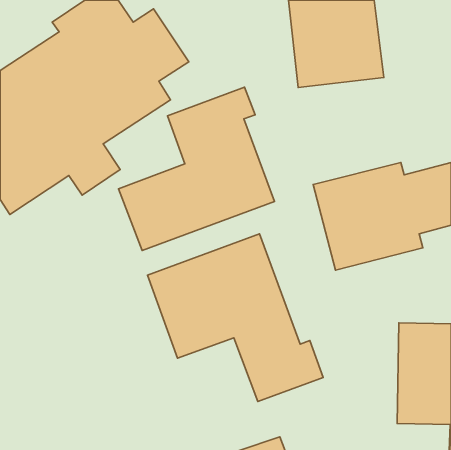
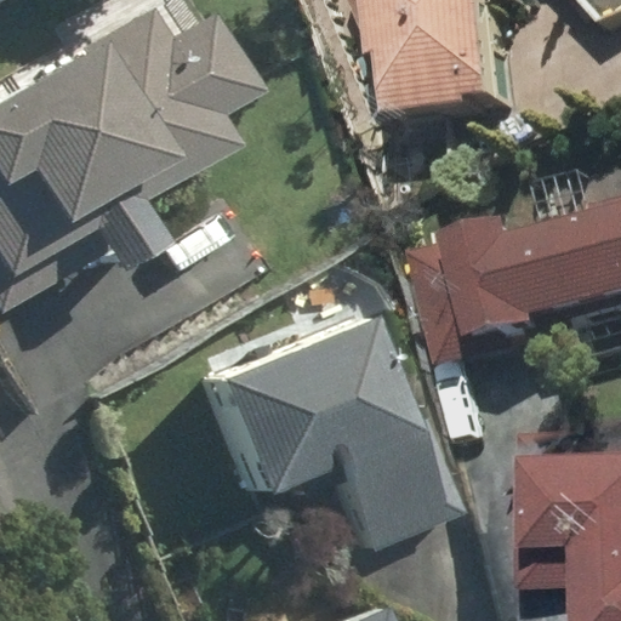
building: [119,87,275,251] -> none

